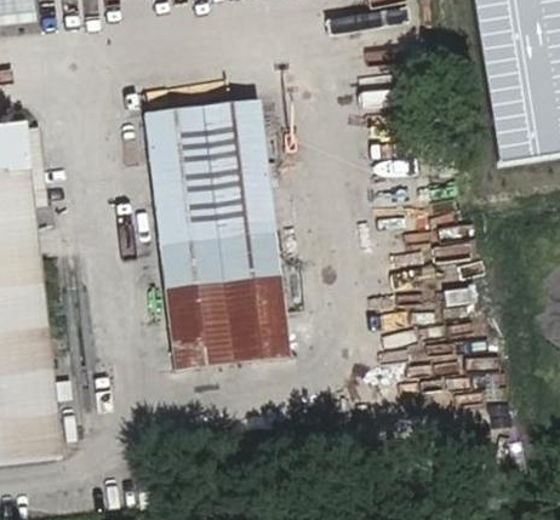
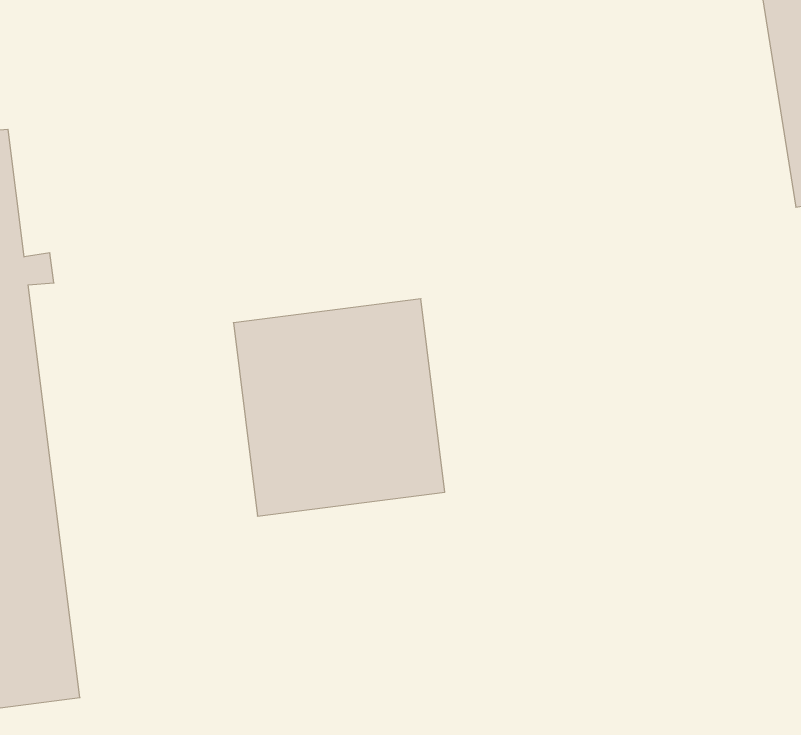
building: [143,97,274,245] -> none

